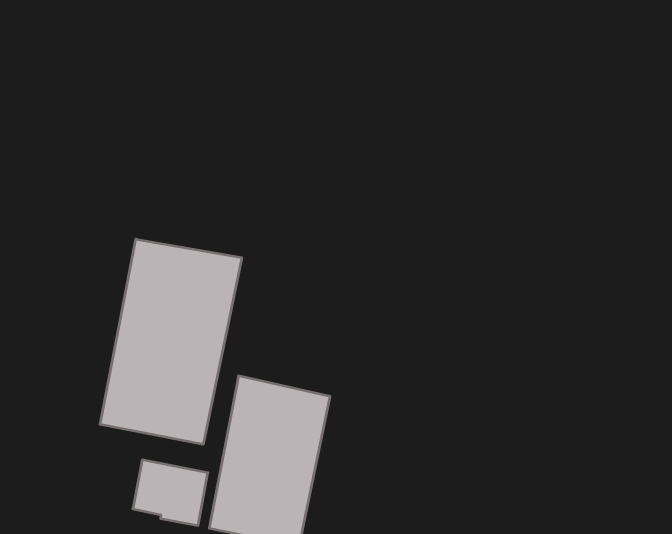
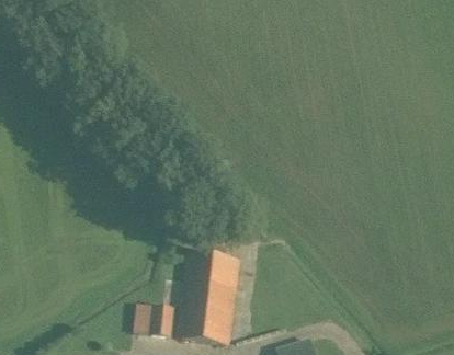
building: [100,239,242,444] -> none

